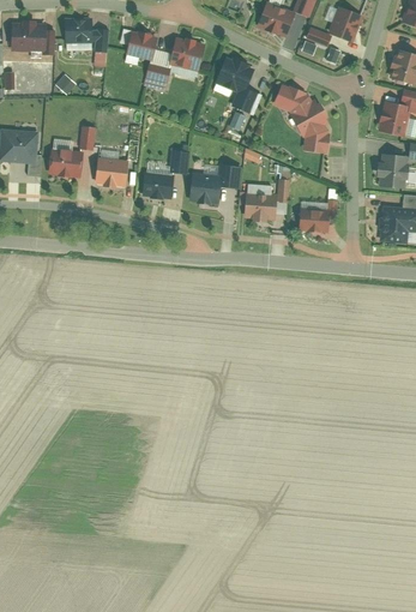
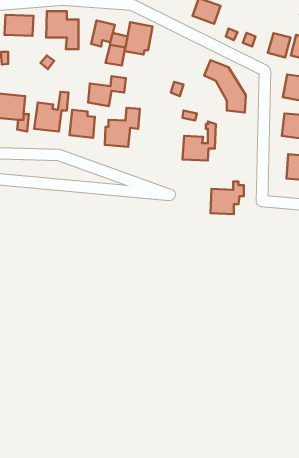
building: [331,8,361,41] -> [268,33,291,58]
building: [213,59,259,114] -> none
building: [191,164,241,204] -> [88,76,126,106]
building: [299,190,343,233] -> [210,182,244,214]

